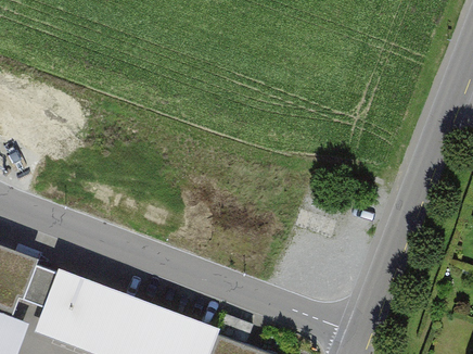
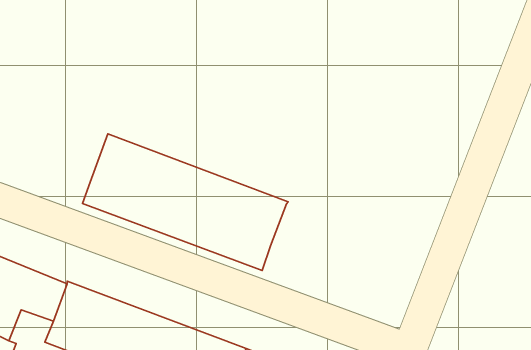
building: none -> [83,134,288,271]

